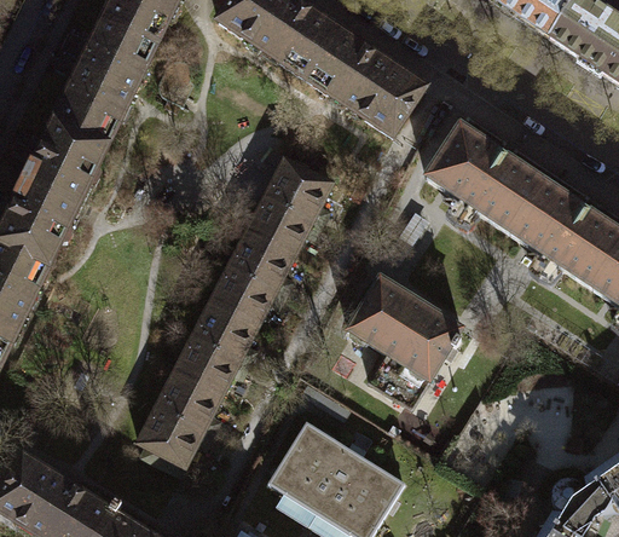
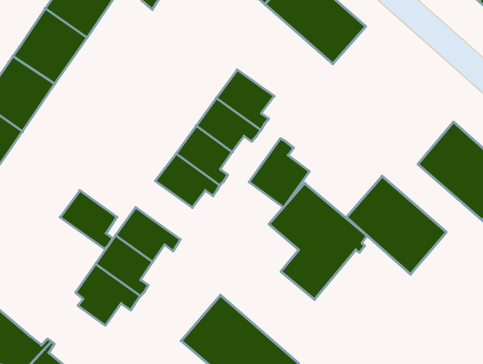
building: [424,126,542,233] -> [346,176,446,274]
building: none -> [249,139,309,207]
building: [191,298,256,360] -> [60,190,117,249]

